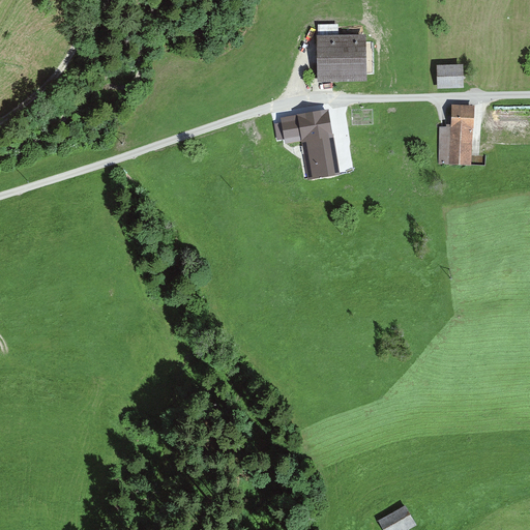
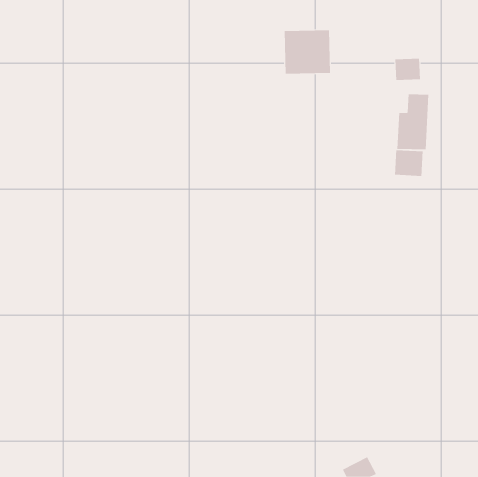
building: [272,101,338,179] -> none
building: none -> [395,149,423,177]

